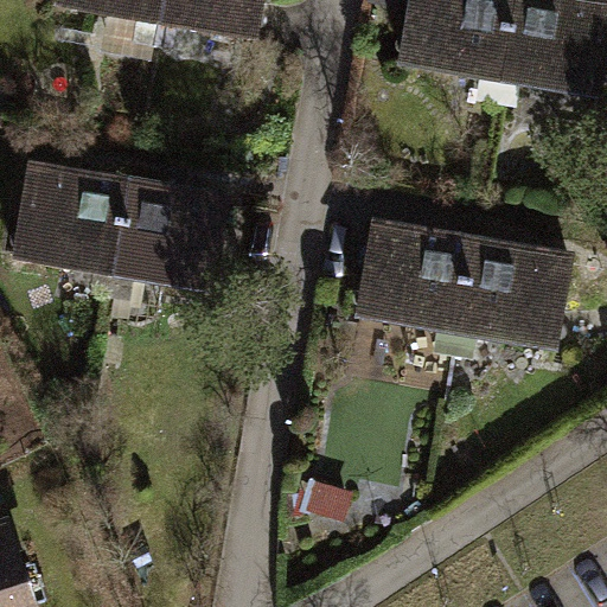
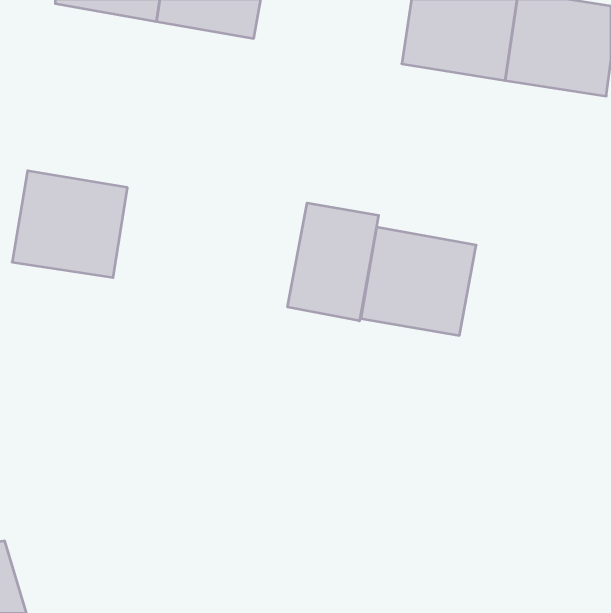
building: [111,185,223,289] -> none
building: none -> [288,203,379,321]
building: [453,242,567,349] -> none

